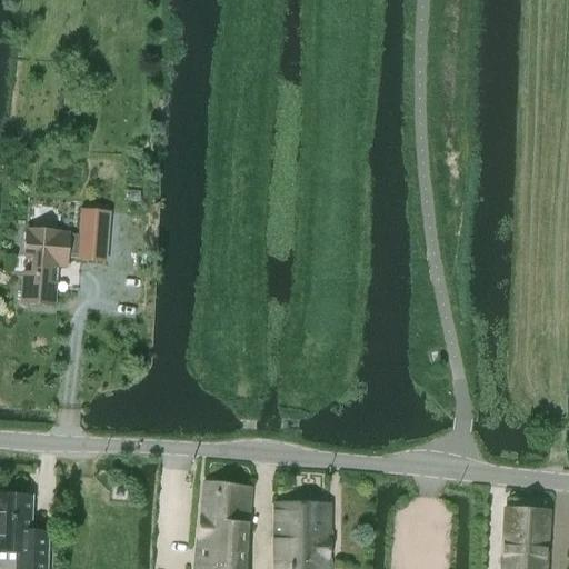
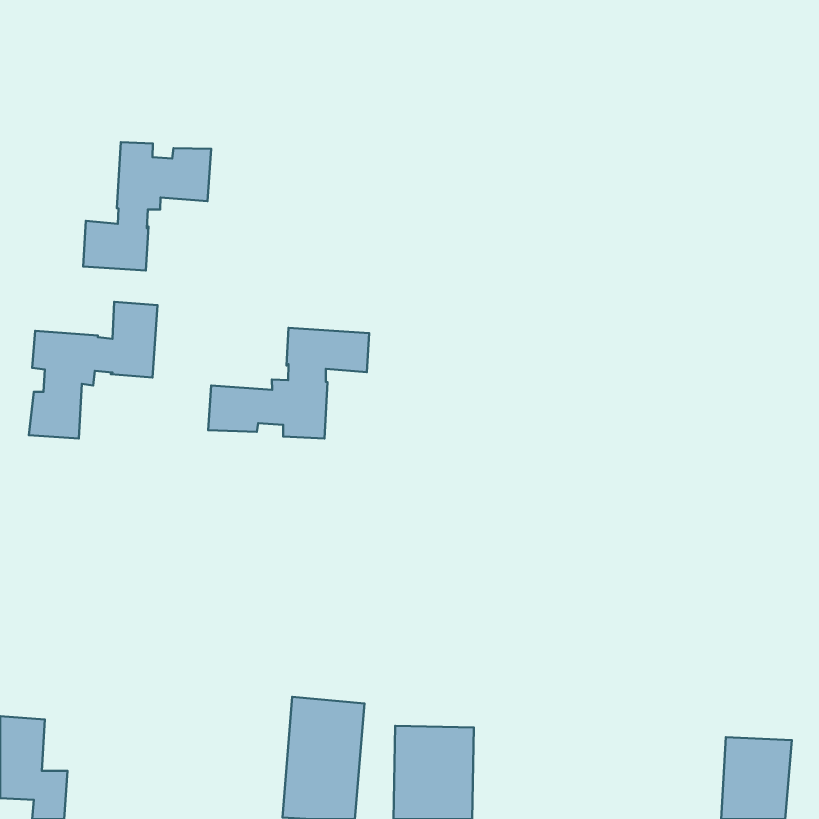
building: none -> [83,142,211,271]
building: none -> [208,328,369,438]

